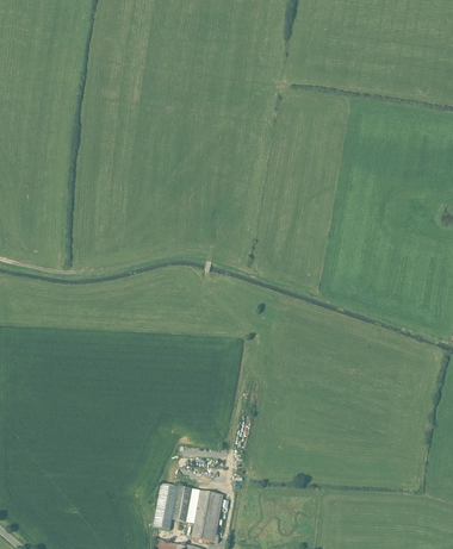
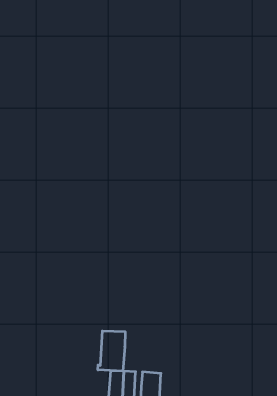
building: none -> [98,331,125,371]

